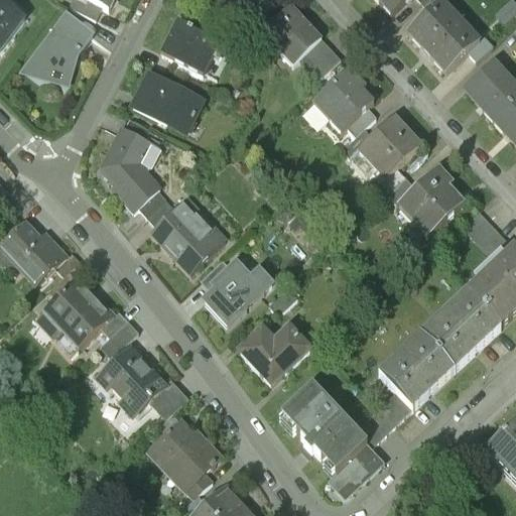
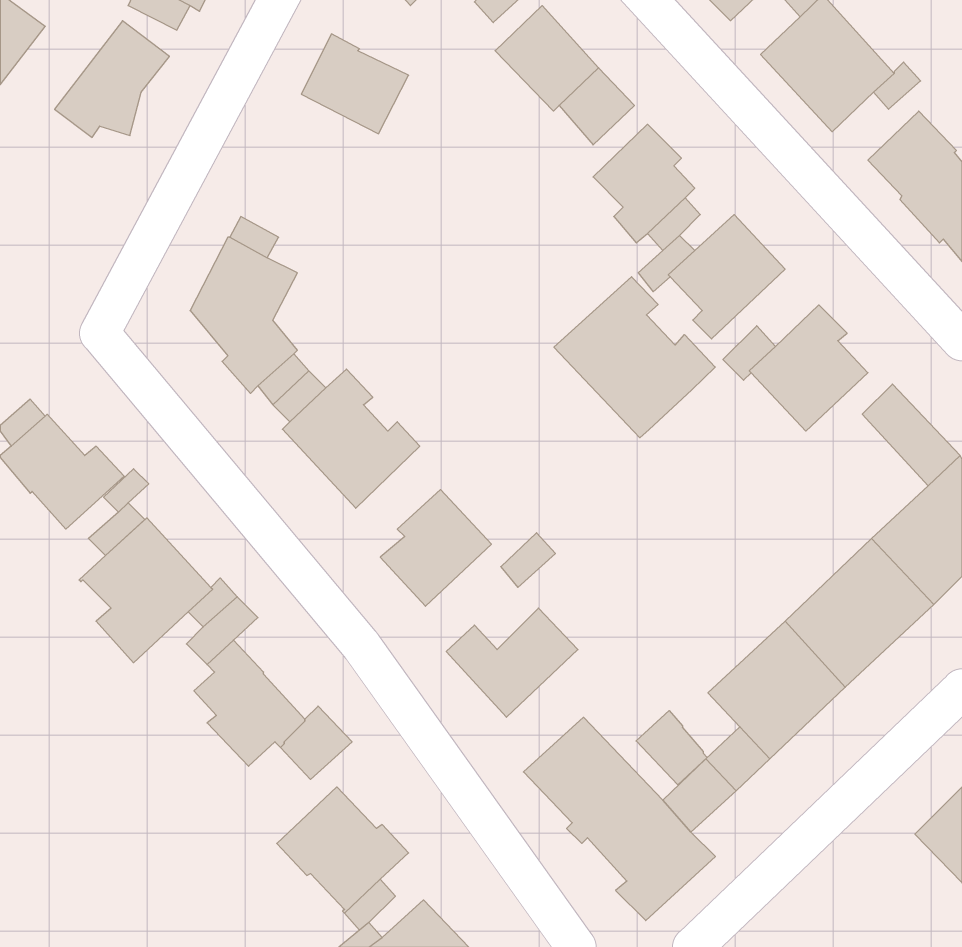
building: [134,75,201,129] -> none
building: none -> [554,277,715,438]
building: none -> [636,711,707,785]

